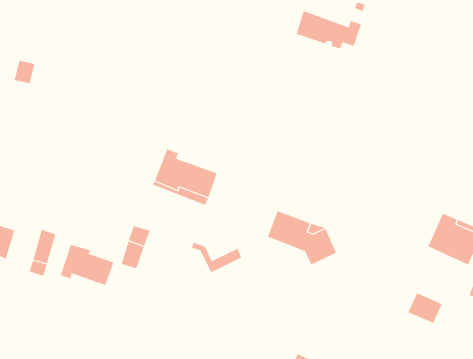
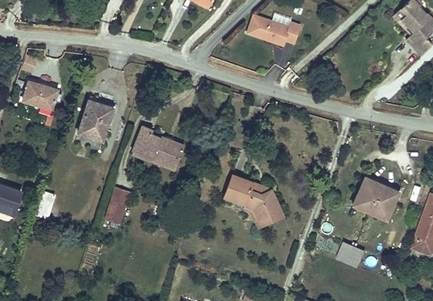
building: none -> [23,82,57,107]
building: none -> [78,100,112,140]
building: [191,242,242,273] -> [242,204,283,229]
building: [60,244,114,286] -> none

